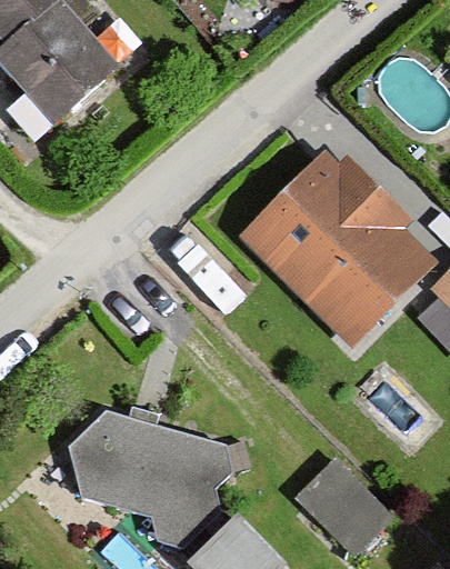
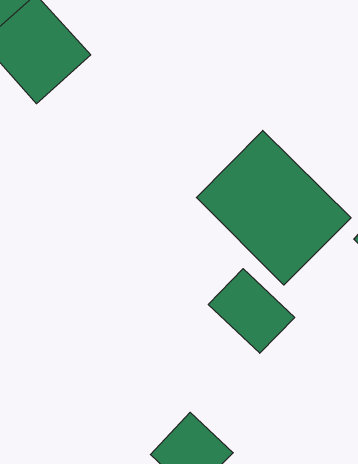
building: [67,407,233,543] -> none
building: [300,447,404,549] -> [208,269,295,353]

